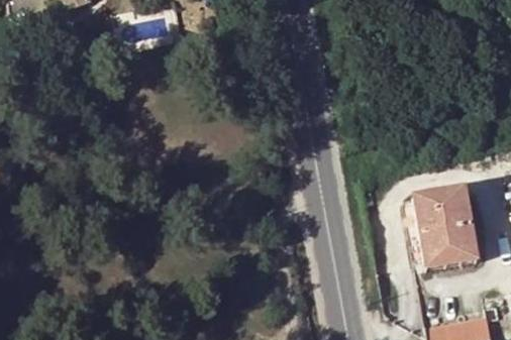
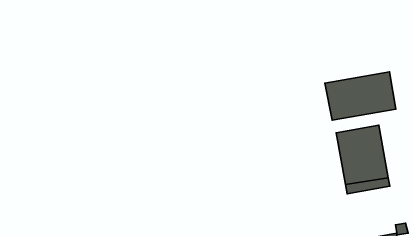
building: none -> [325,72,396,120]

